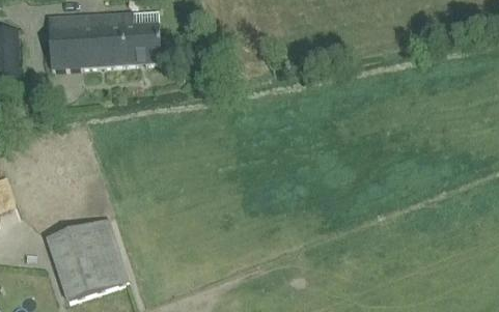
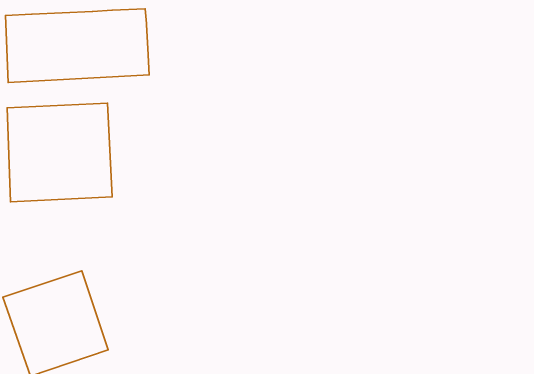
building: none -> [7,103,112,202]

